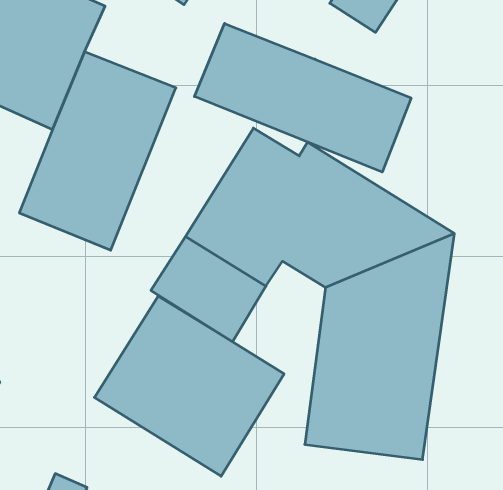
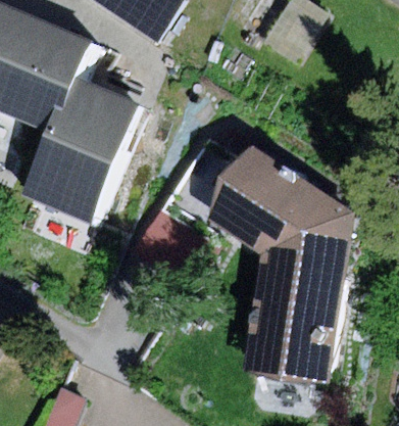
building: [194,23,411,172] -> none
building: [94,296,284,476] -> none

